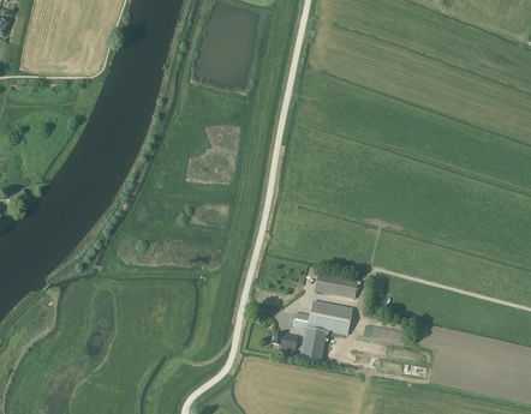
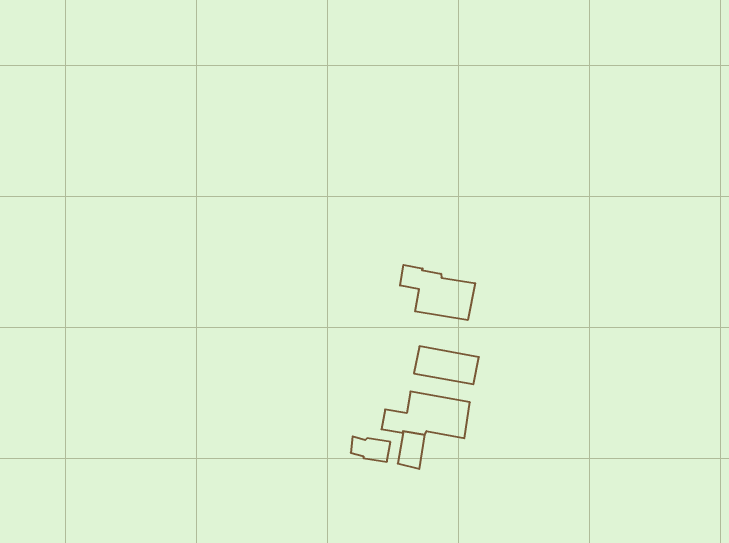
building: none -> [400,265,475,320]

